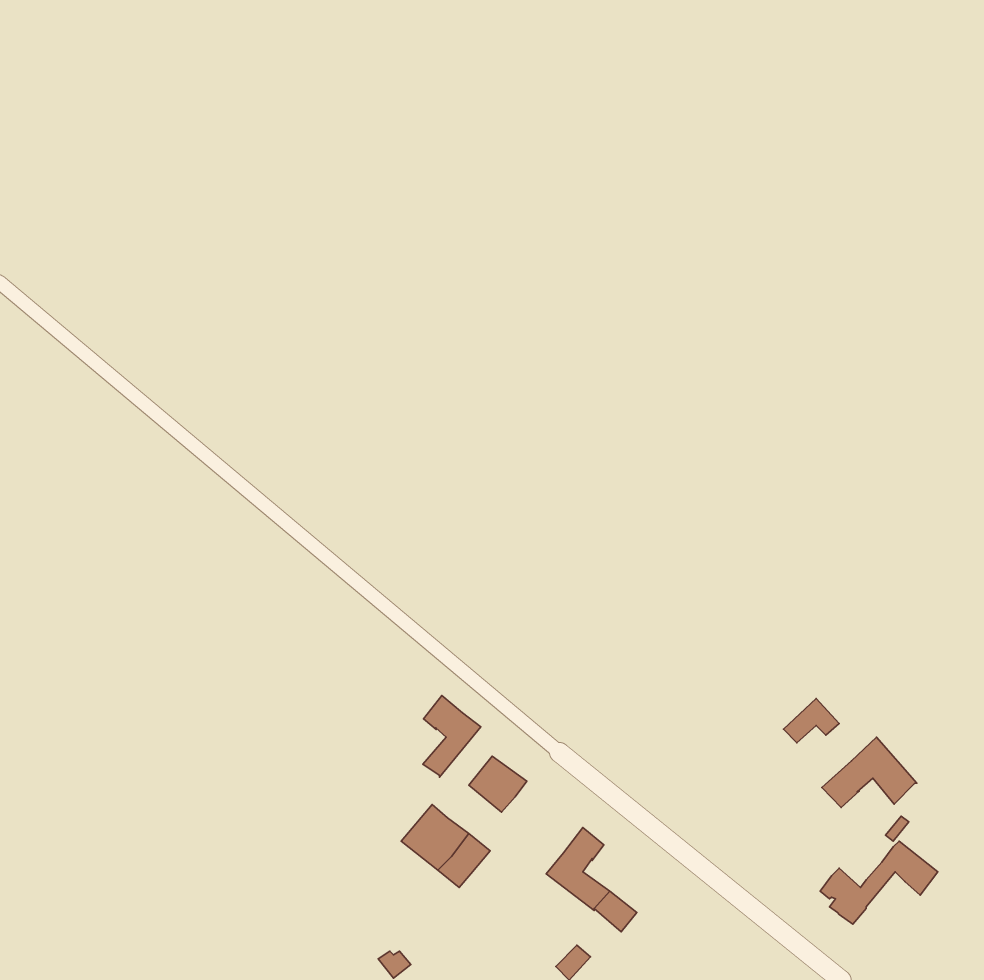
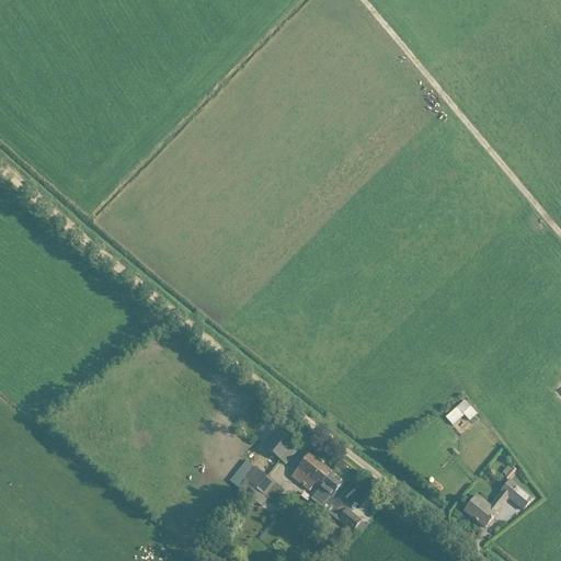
building: [423,696,481,777] -> none
building: [822,737,917,807] -> none
building: none -> [291,453,331,488]

